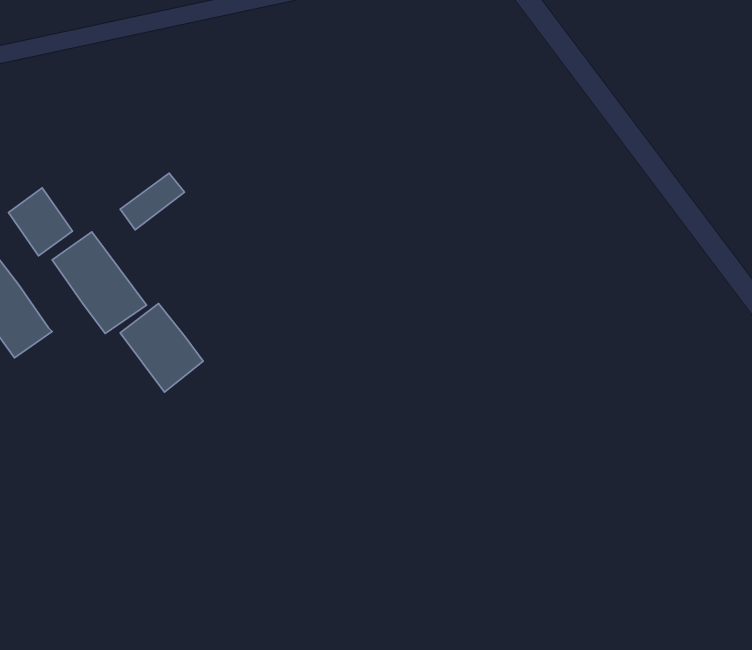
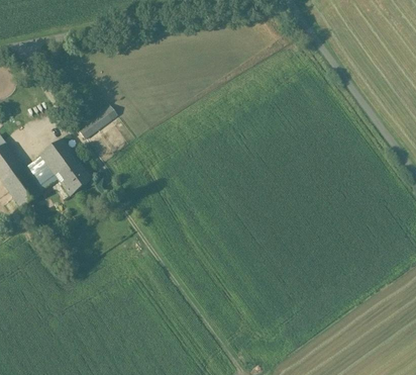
building: [8,188,73,256] -> [22,155,57,191]
building: [120,303,203,392] -> none

